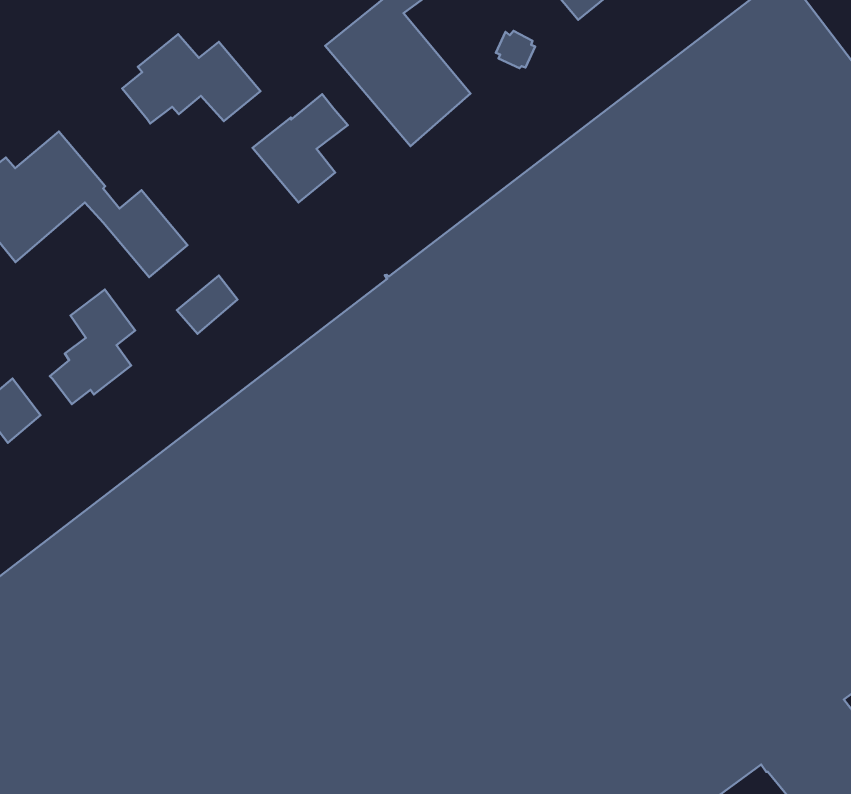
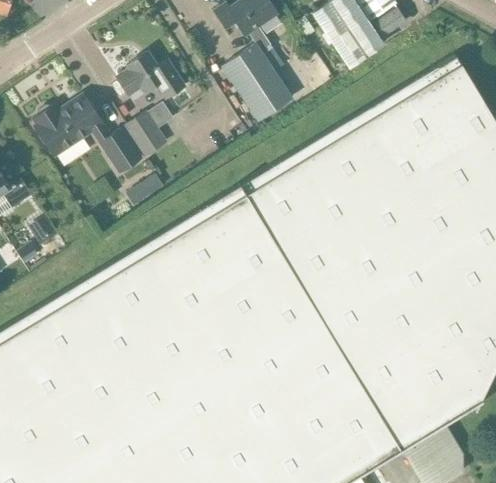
building: [252,94,348,203] -> [125,103,174,156]
building: [50,289,135,404] -> none

